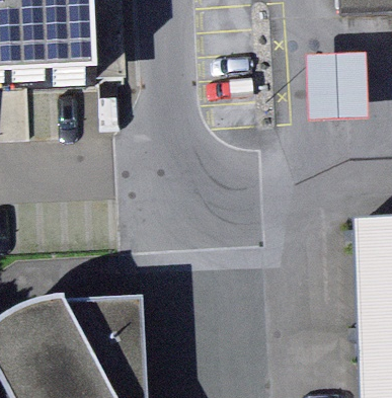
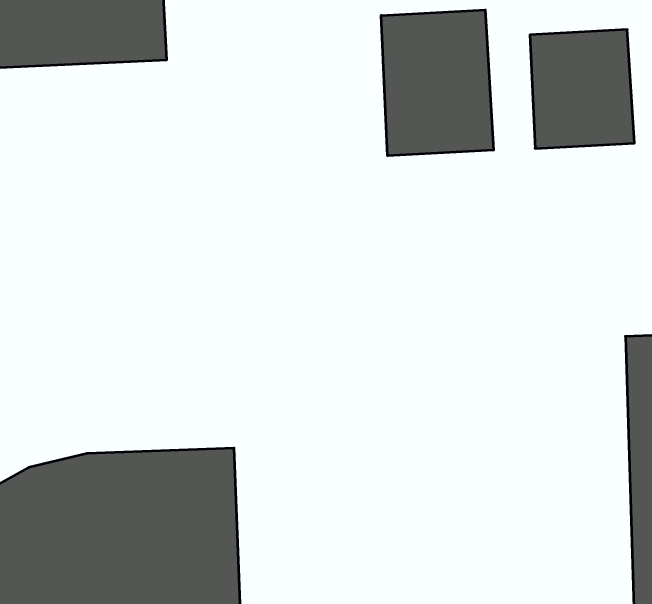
building: none -> [381,10,494,156]

